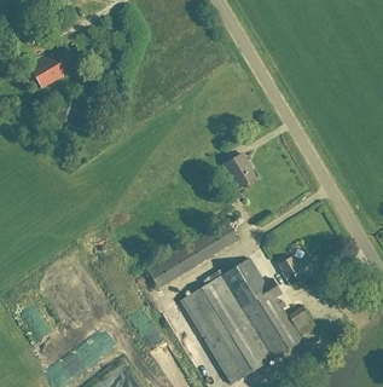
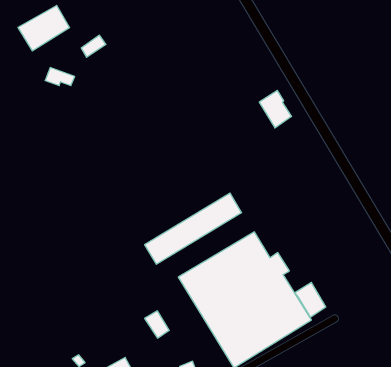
building: [225,152,255,187] -> [259,90,292,128]
building: [279,255,315,284] -> none

